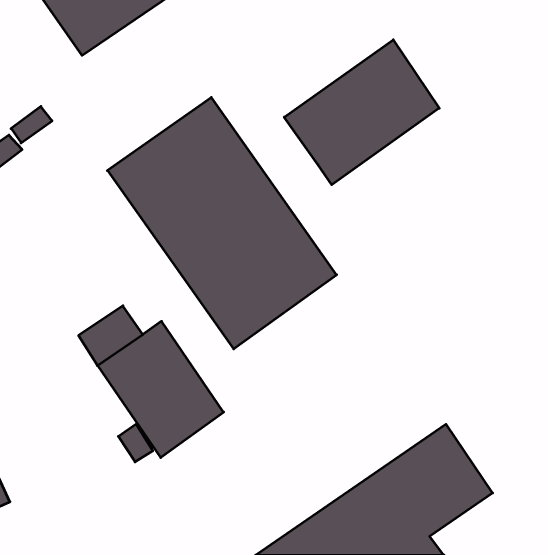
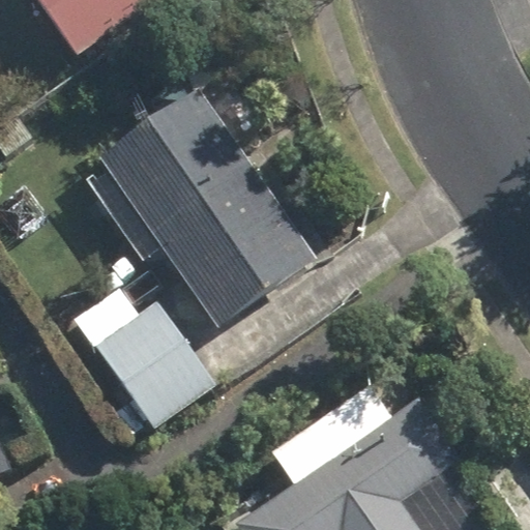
building: [284,40,439,185] -> none

